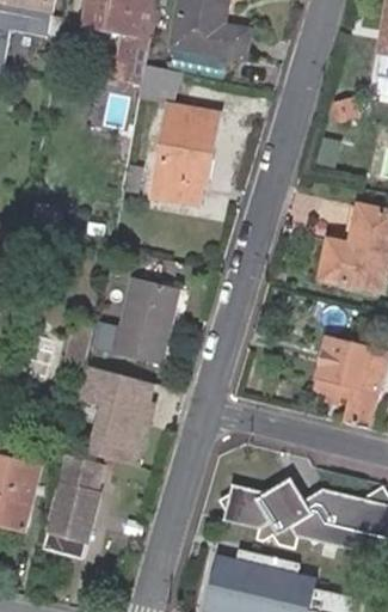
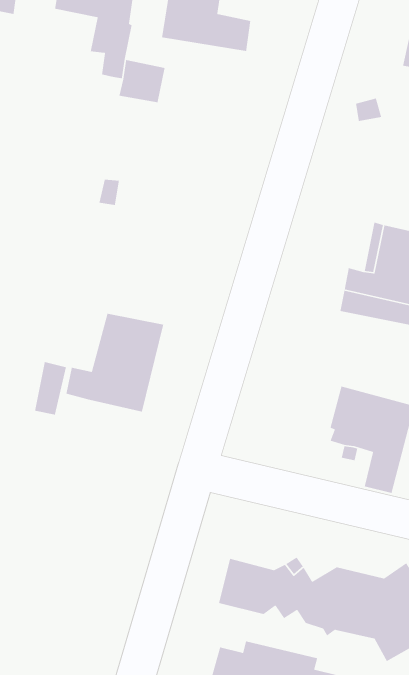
building: [149,104,217,203] -> none
building: [76,368,156,469] -> none
building: [44,470,99,558] -> none

